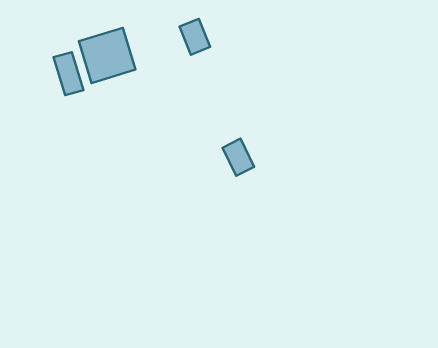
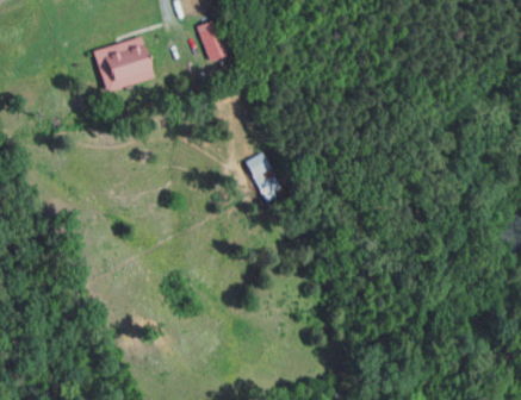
building: [53,52,83,95] -> none

